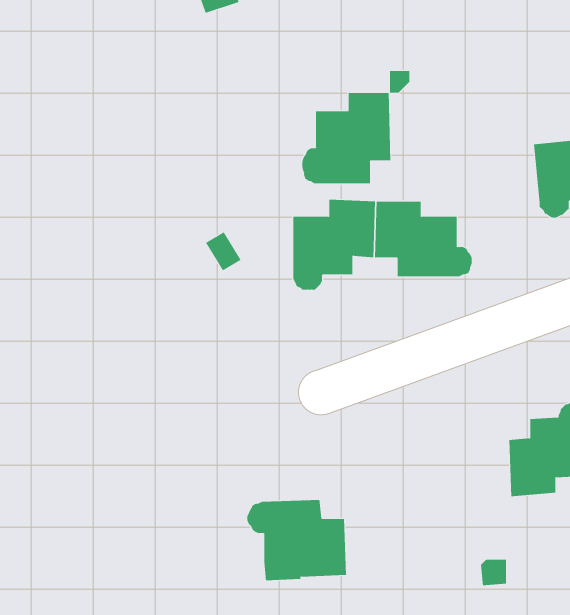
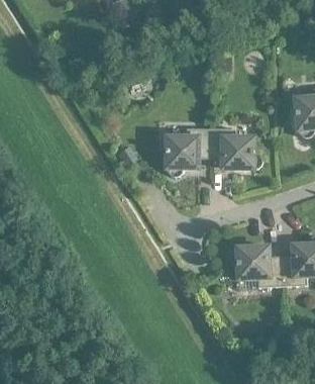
building: [302,92,391,184] -> none
building: [246,499,347,581] -> [228,245,282,288]

